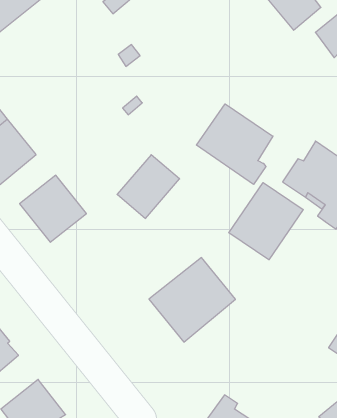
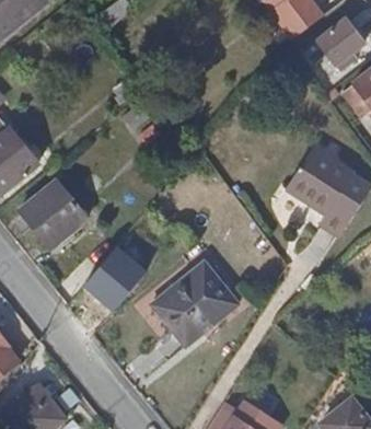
building: [196,104,273,184] -> none
building: [117,155,180,218] -> [82,245,144,309]
building: [229,183,303,260] -> none

